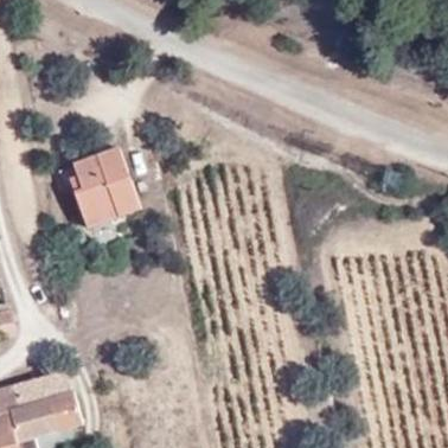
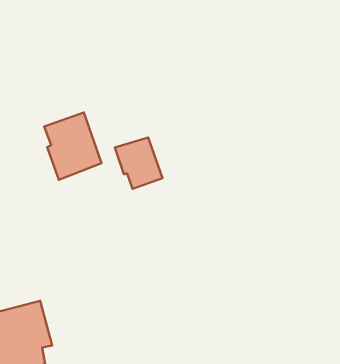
building: none -> [115,137,163,189]

